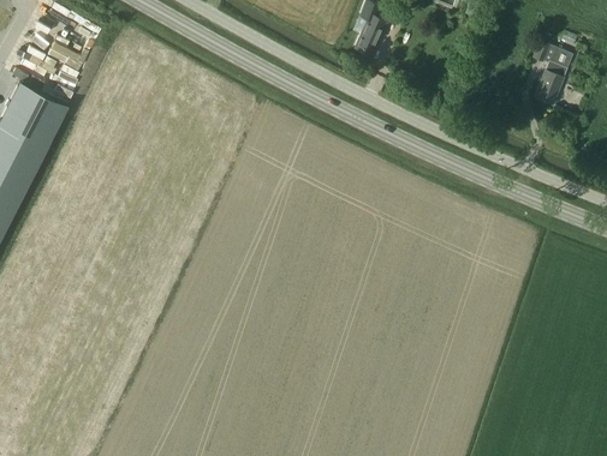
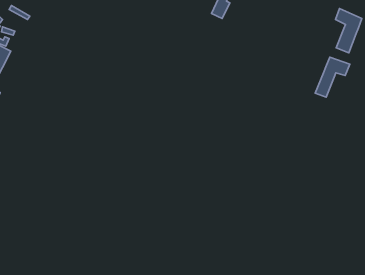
building: none -> [315,57,350,97]

